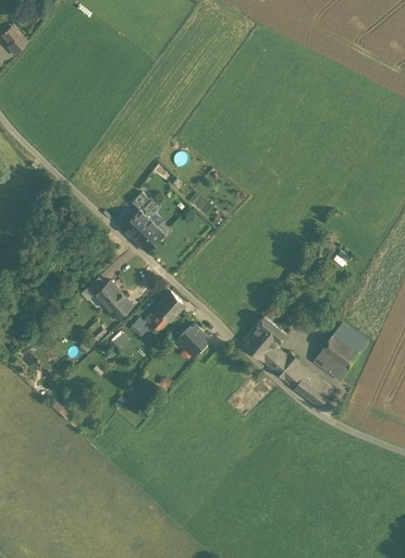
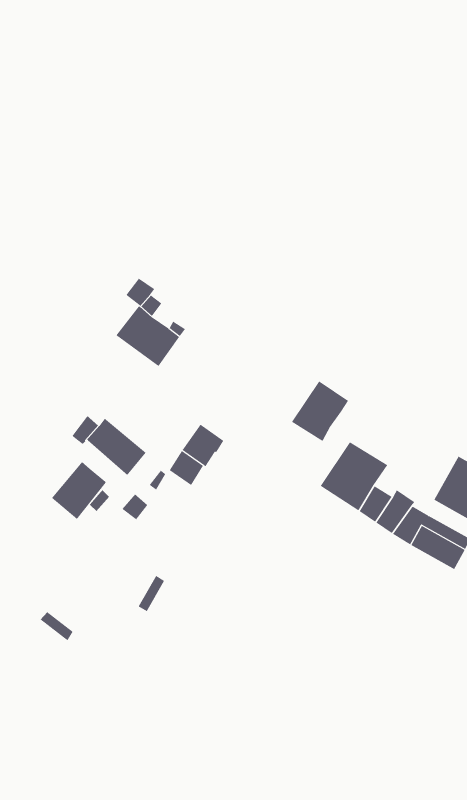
building: none -> [291,380,349,442]
building: none -> [51,461,108,520]
building: [176,324,208,355] -> none

